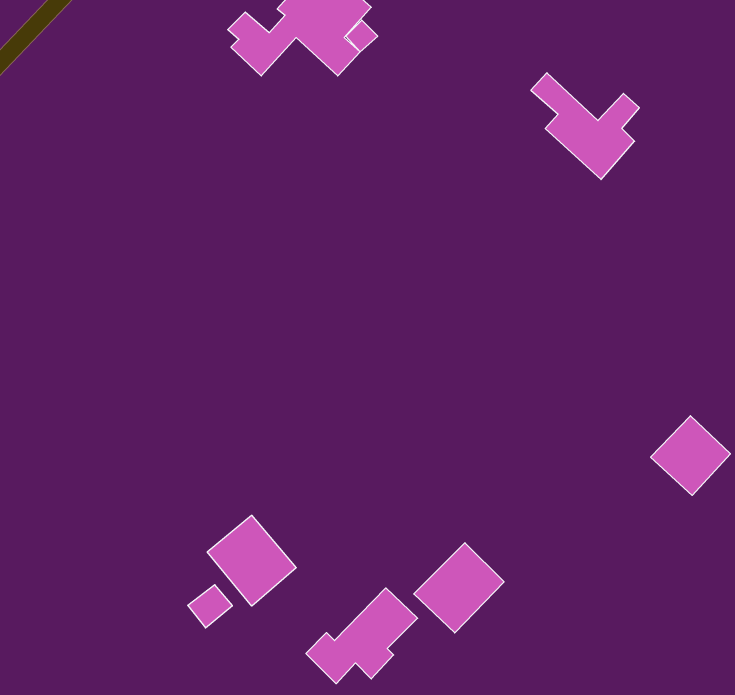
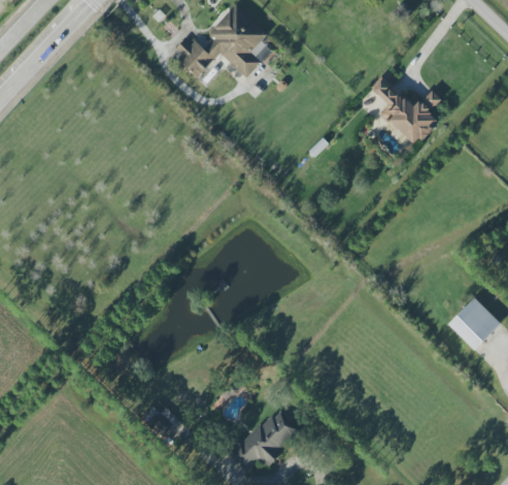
building: [207,515,296,606] -> none
building: [414,543,504,633] -> none

